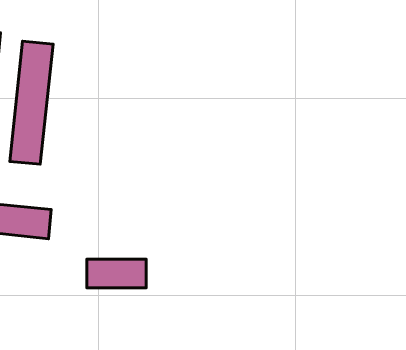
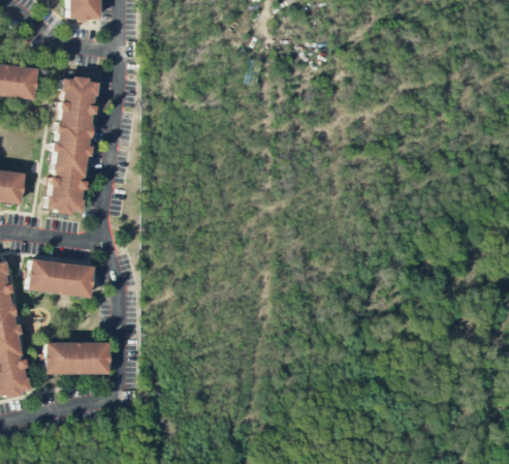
building: [87,259,146,288] -> [45,342,112,374]

